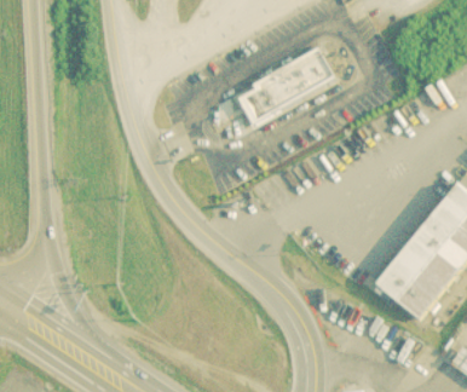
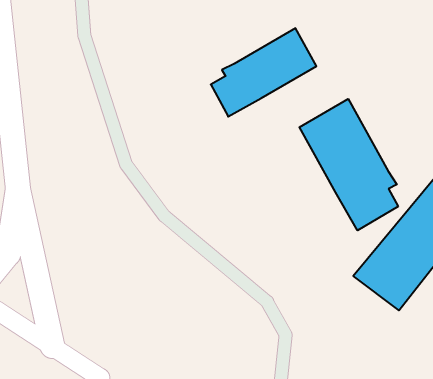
building: none -> [299,99,398,230]

